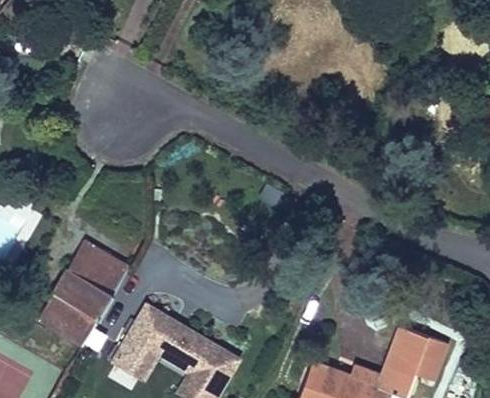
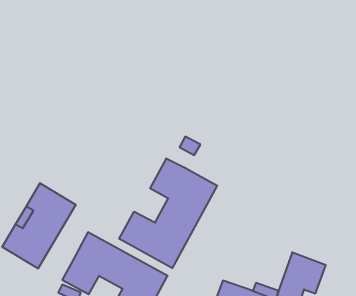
building: none -> [119,158,217,268]

